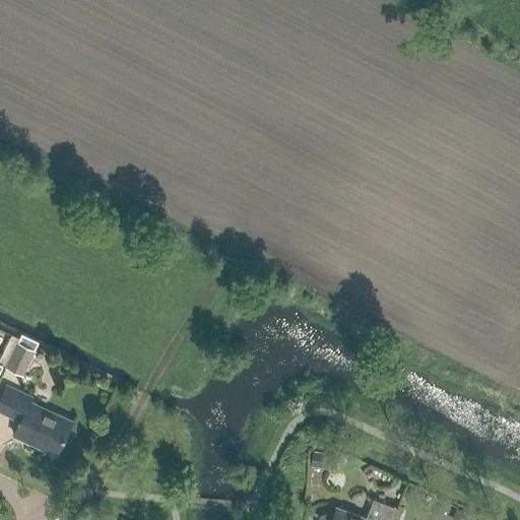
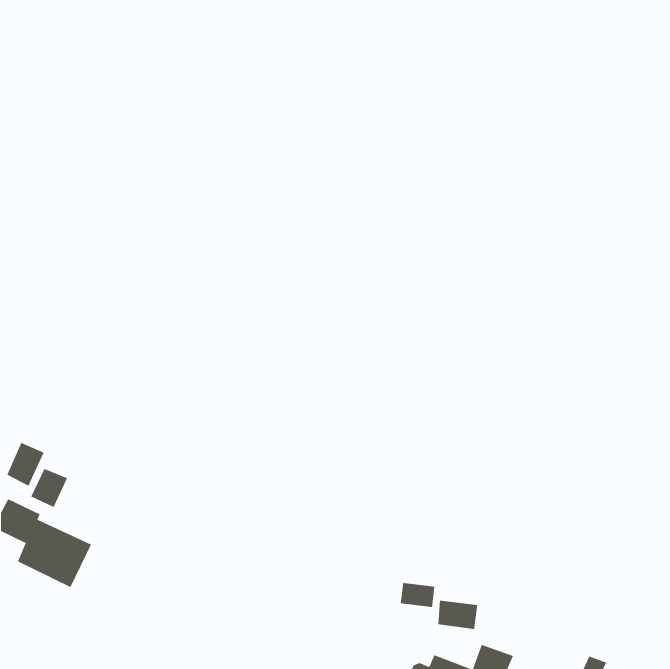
building: none -> [30,468,68,508]
building: none -> [438,600,478,630]

